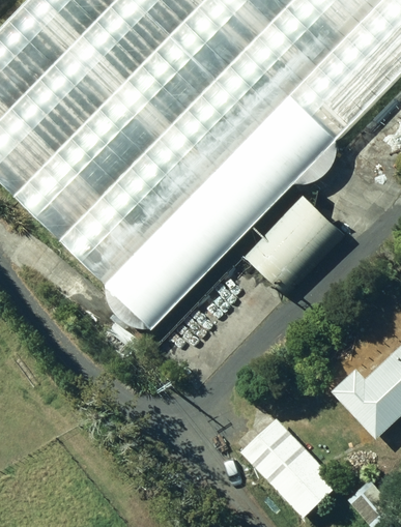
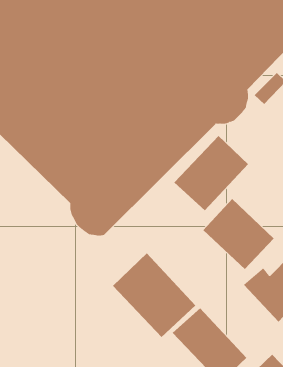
building: none -> [203,198,274,270]
building: none -> [112,252,196,338]

